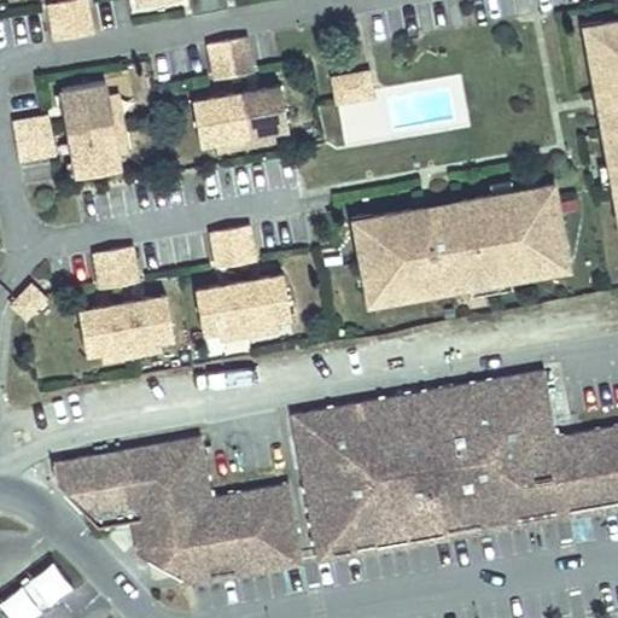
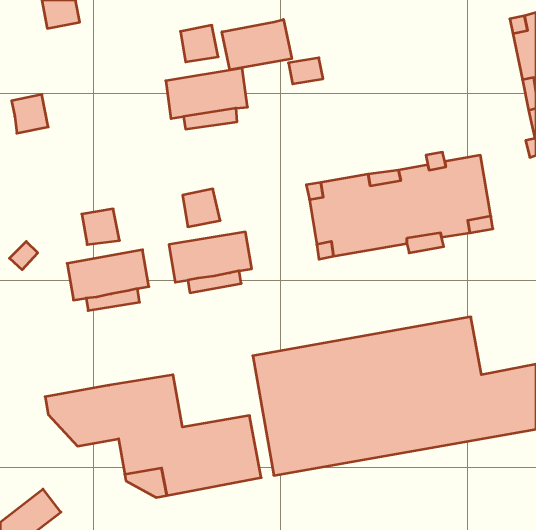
building: none -> [222,19,292,70]
building: [62,81,119,176] -> none

